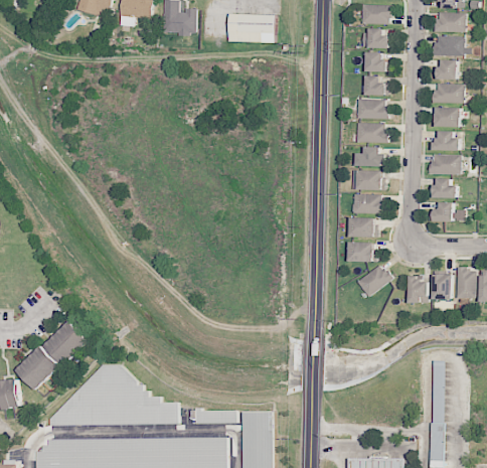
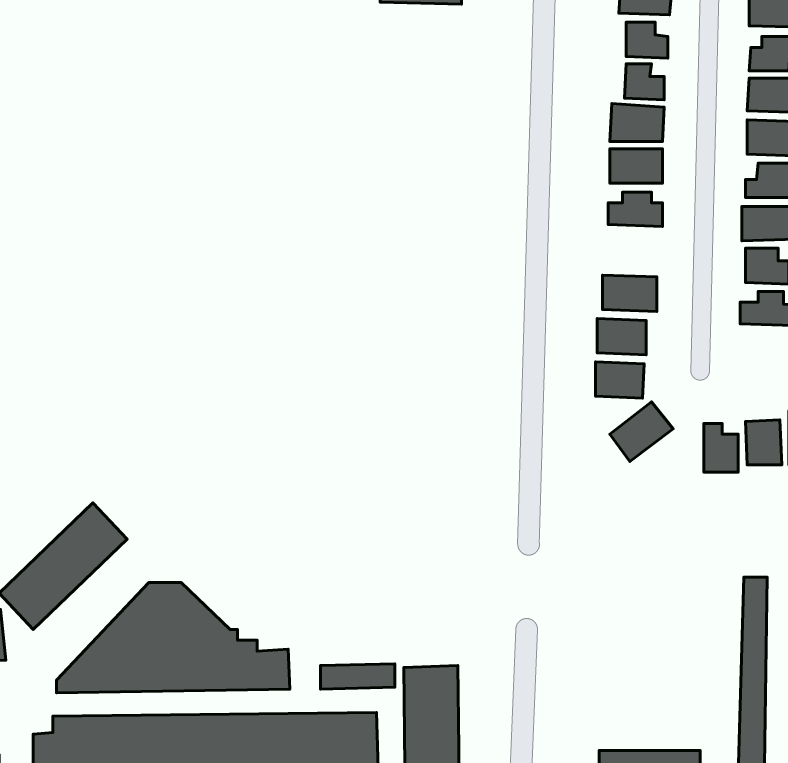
building: [353,170,385,190] -> none

